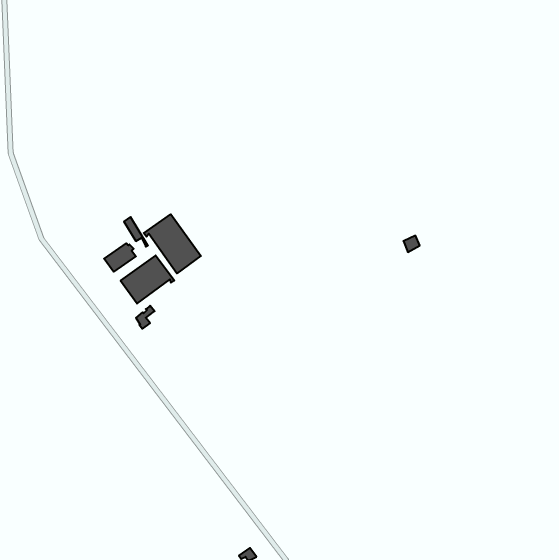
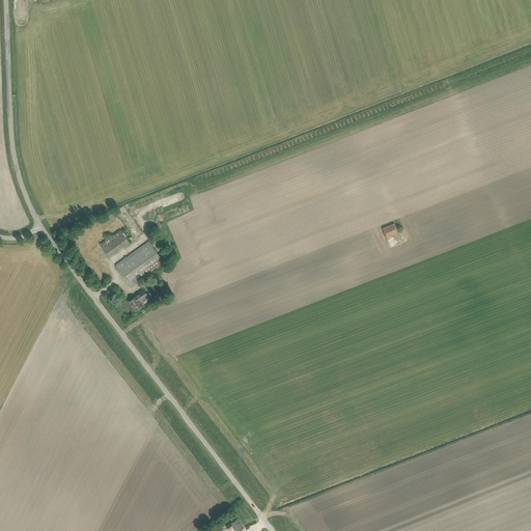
building: [144,214,201,273] -> none

